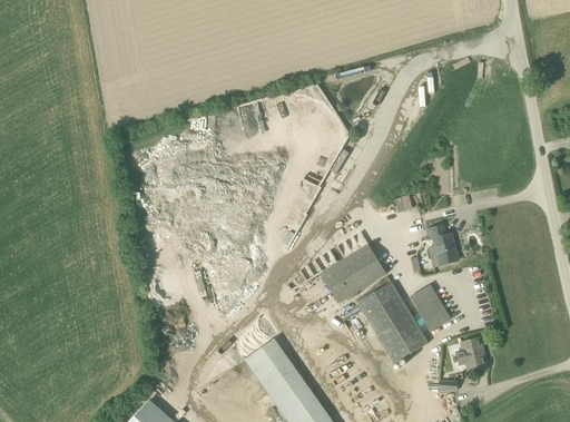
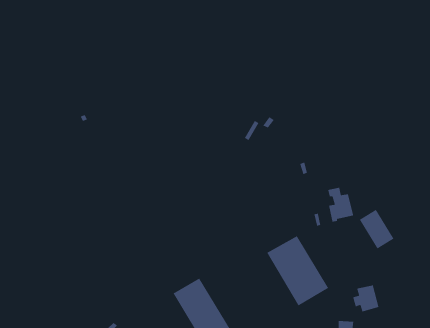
building: [318,245,384,304] -> none
building: [409,285,450,332] -> [359,209,395,249]

